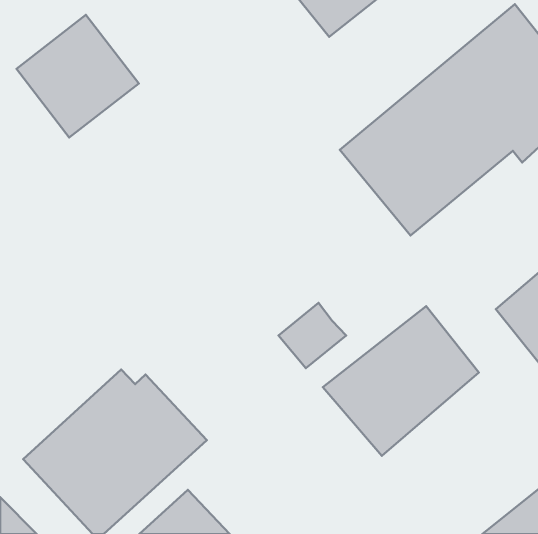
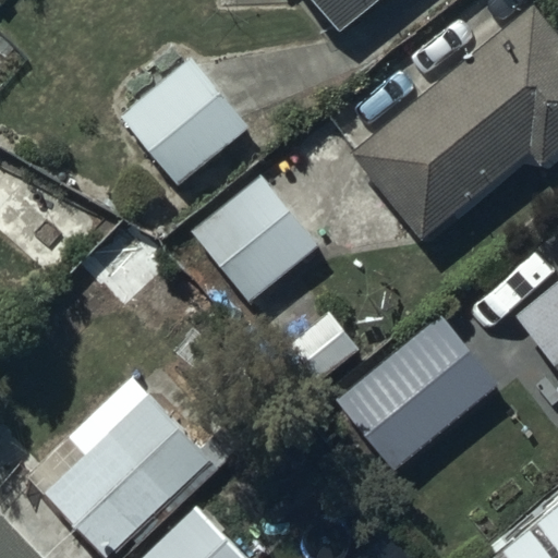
building: [16,15,139,137] -> [120,59,246,185]
building: none -> [190,171,325,305]

